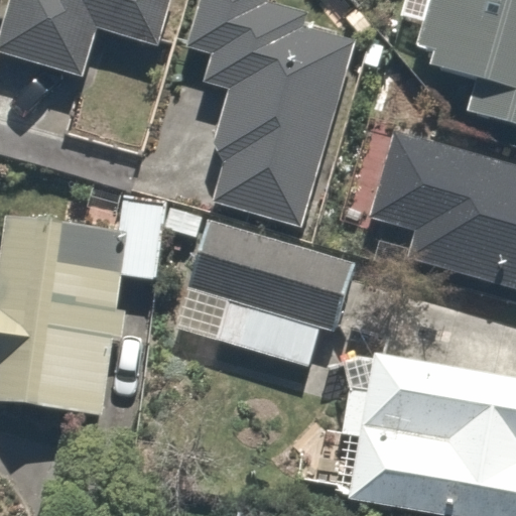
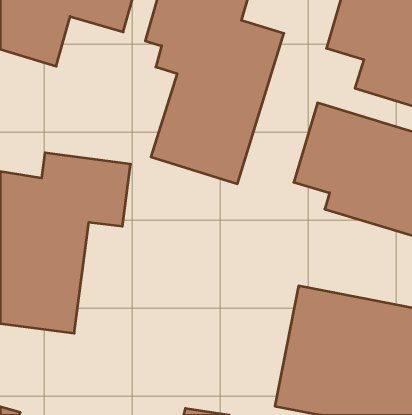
building: [173,212,375,378] -> none

